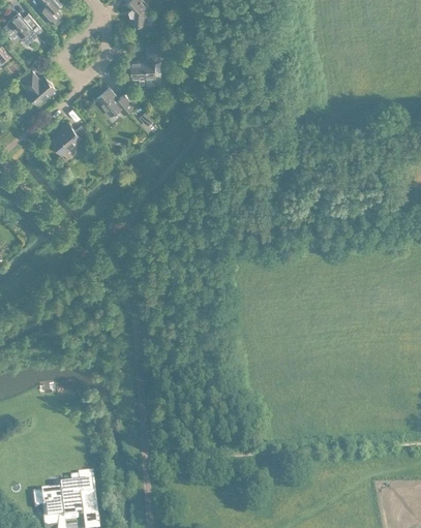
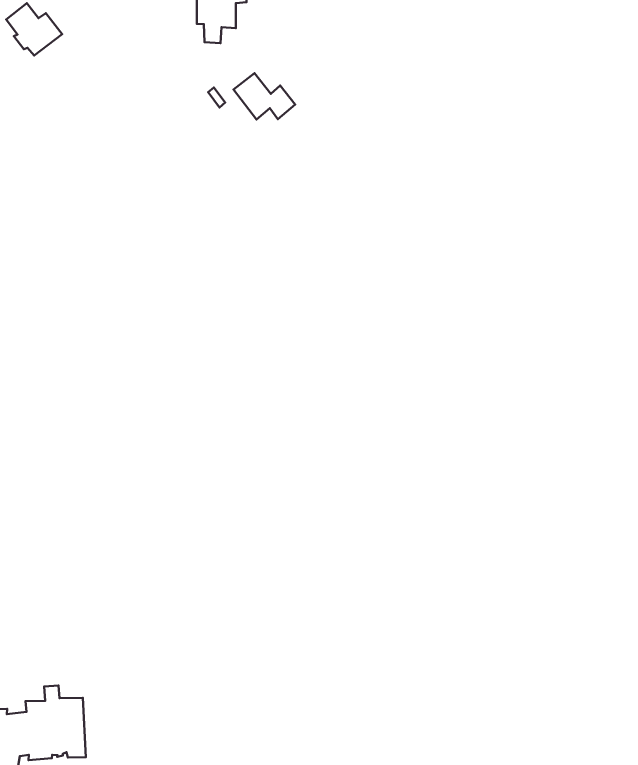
building: [96,90,132,117] -> [234,73,295,120]
building: [51,125,89,156] -> none

